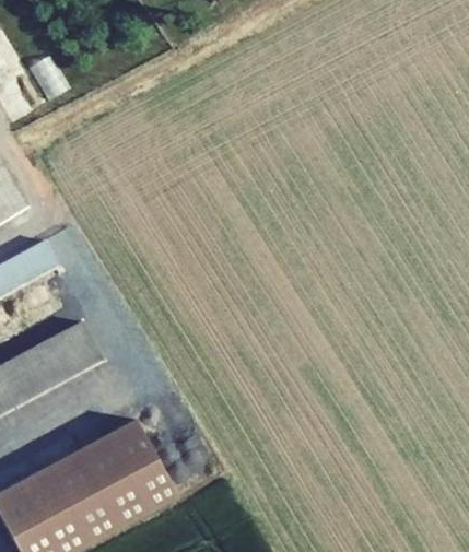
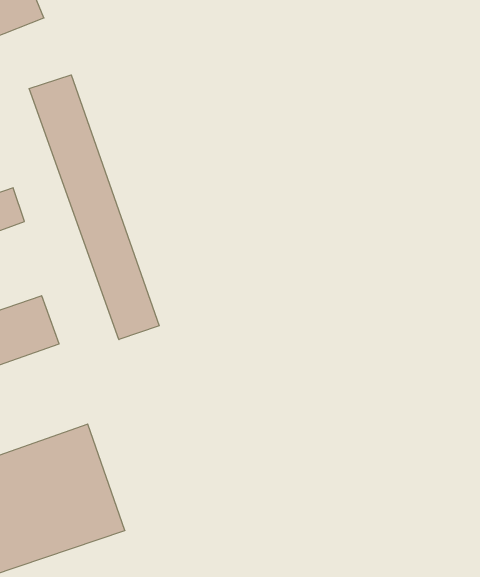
building: none -> [29,75,159,340]

